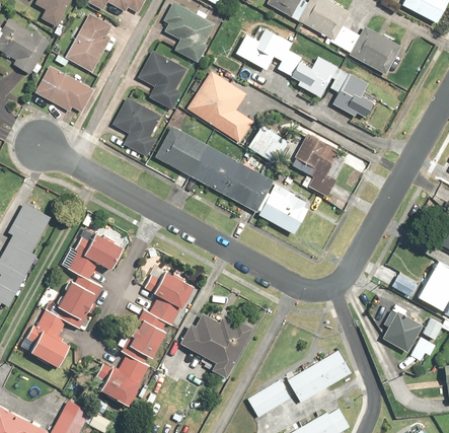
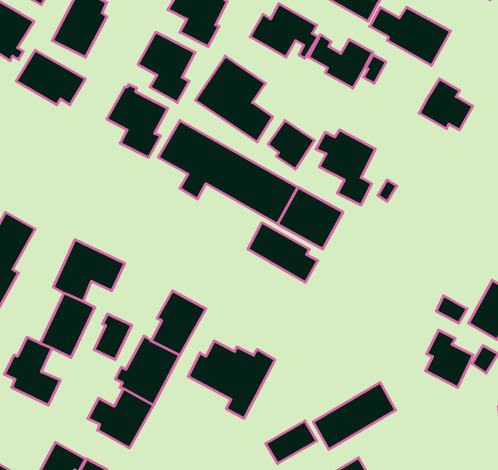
building: [334,76,380,120] -> [419,79,473,130]
building: none -> [248,223,318,282]
building: none -> [94,314,132,360]

